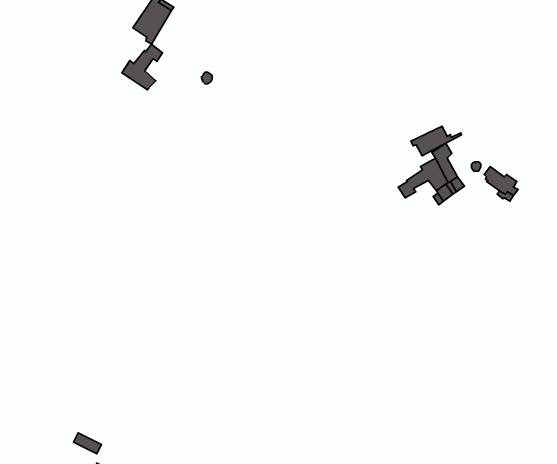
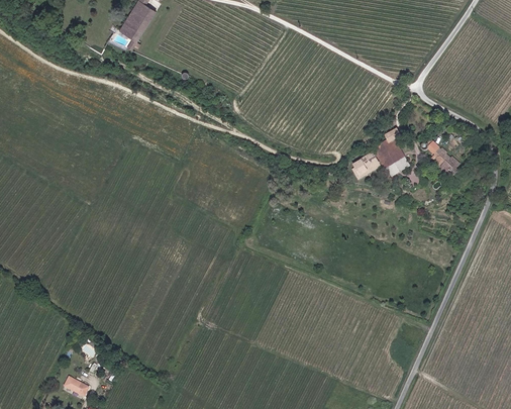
building: [122,44,163,90] -> none
building: [411,126,461,156] -> none

